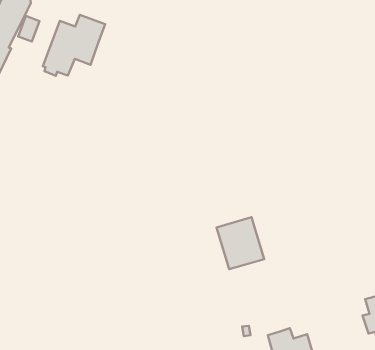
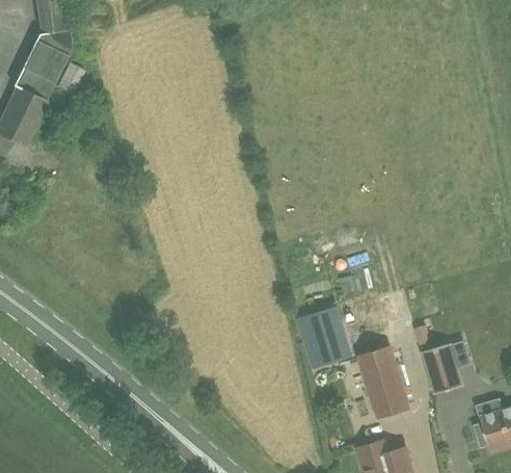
building: [43,15,105,76] -> none
building: none -> [422,342,462,392]
building: none -> [359,347,408,417]

